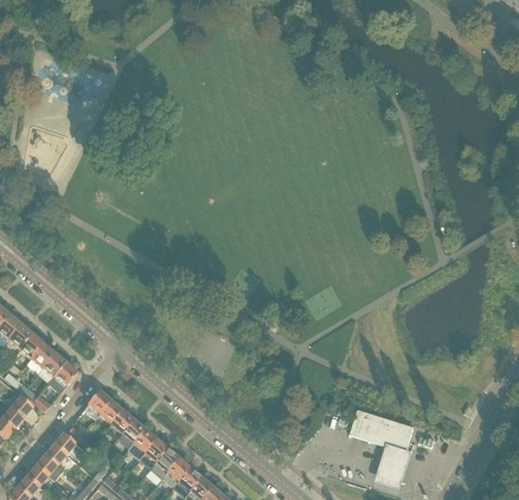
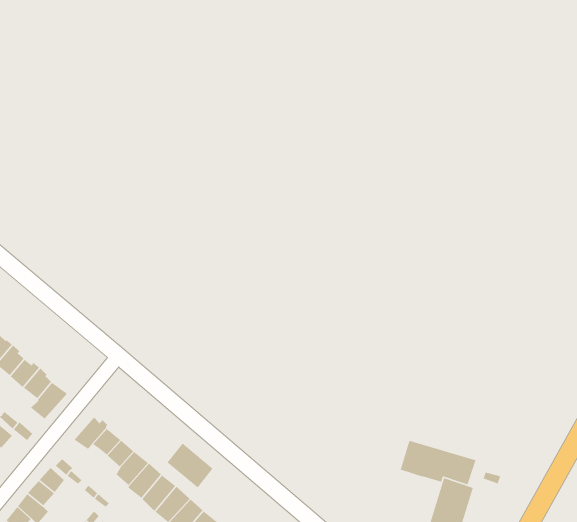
building: none -> [167,442,214,488]

